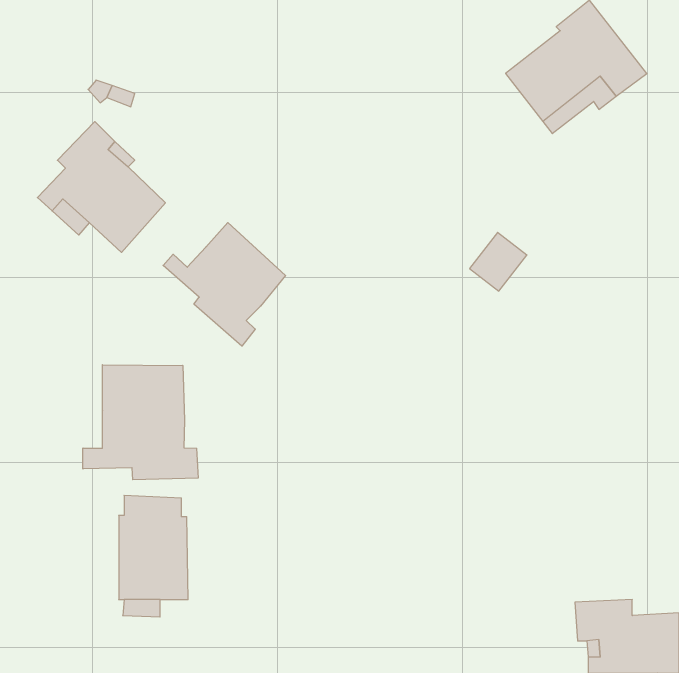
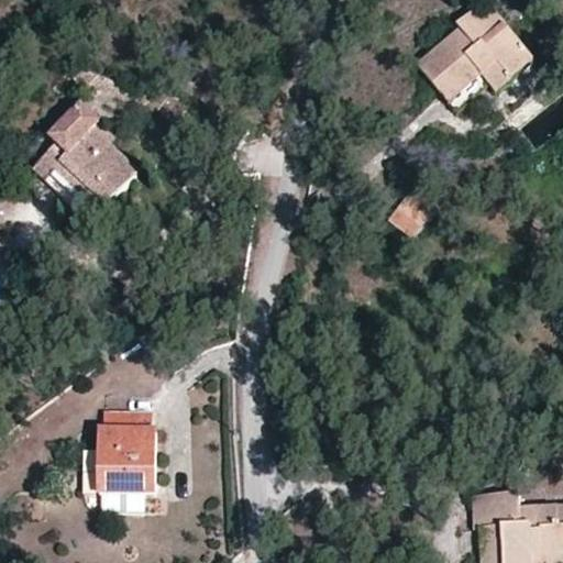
building: [163,223,286,346] -> none
building: [83,365,198,480] -> none

